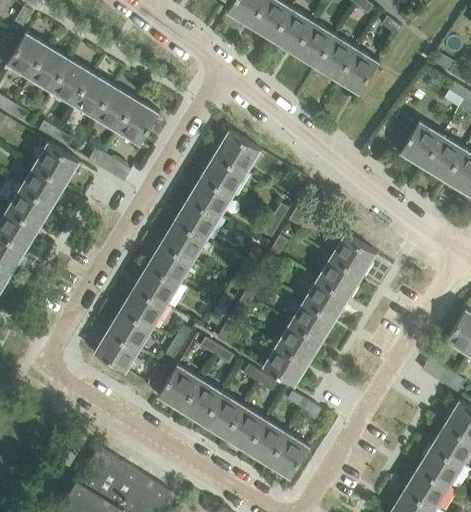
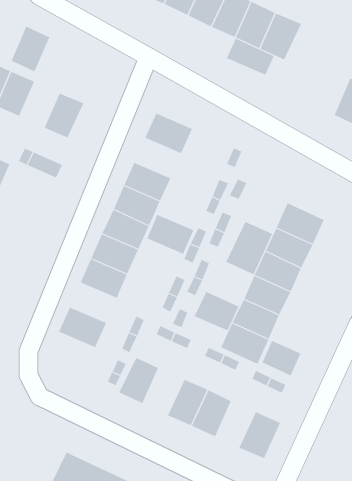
building: none -> [226,38,274,75]
building: [95,86,136,132] -> [11,26,50,72]
building: [200,154,247,196] -> [146,214,194,254]
building: none -> [225,221,273,275]
building: [120,286,167,328] -> none
building: none -> [194,291,239,331]
building: [93,331,140,373] -> none
building: none -> [262,340,301,376]
building: [179,378,222,425] -> none
building: [245,419,287,465] -> none

